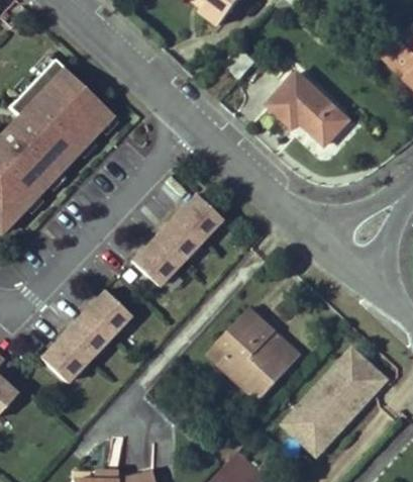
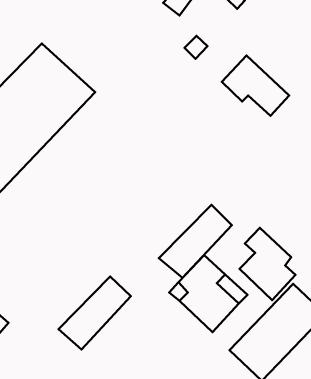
building: [133,196,220,283] -> [159,205,232,278]
building: none -> [239,228,295,300]
building: [43,294,129,381] -> [58,276,131,349]

